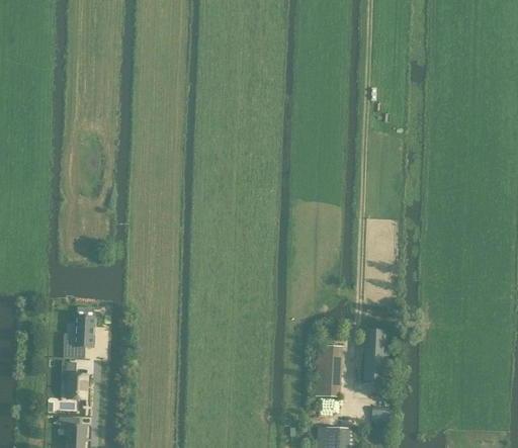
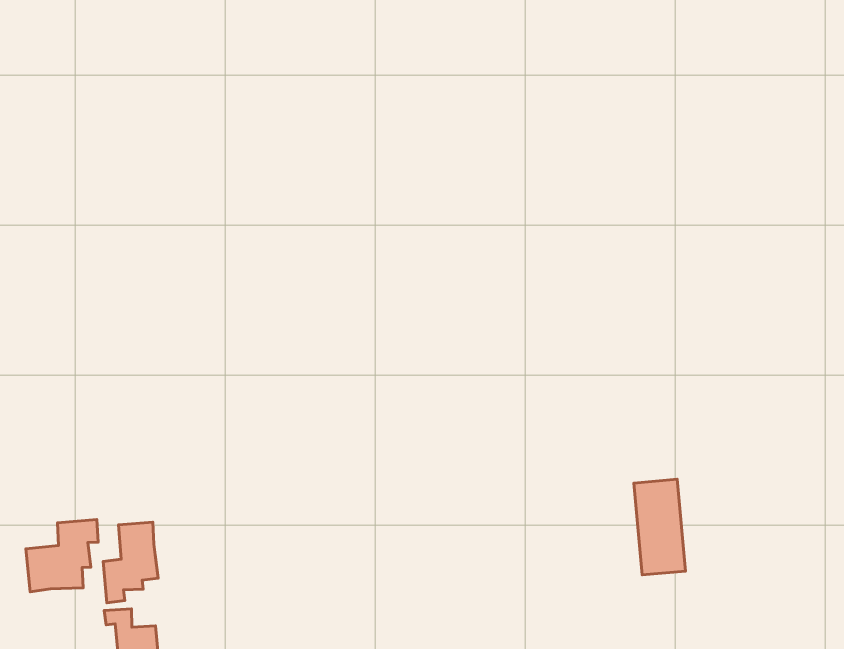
building: none -> [26,519,98,592]
building: [314,344,341,397] -> none

